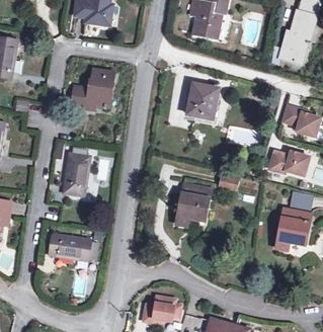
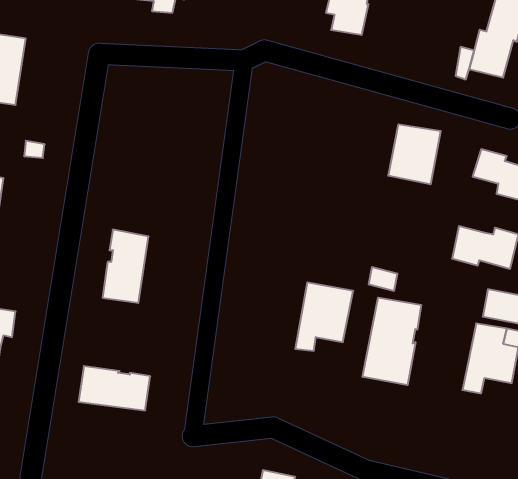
building: [70,69,113,109] -> none
building: [187,83,219,118] -> [388,124,441,184]
building: none -> [363,298,421,385]

